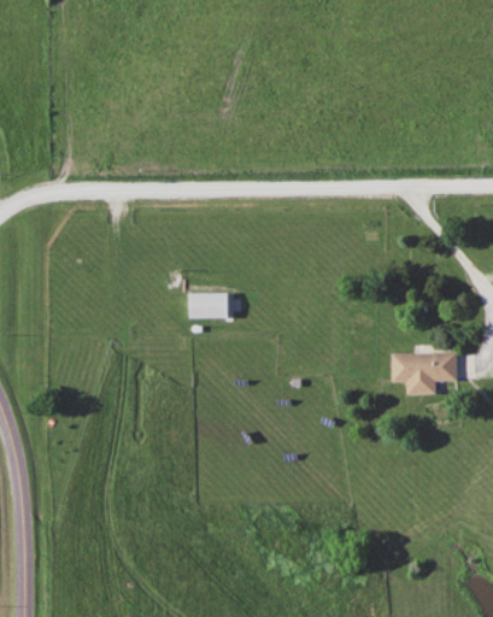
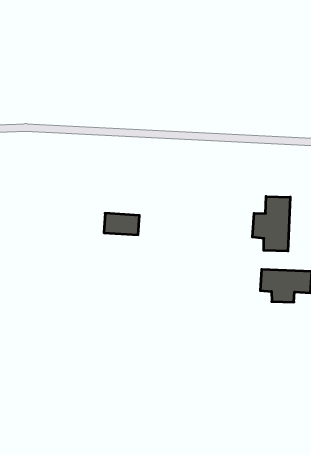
building: none -> [252,196,290,251]

